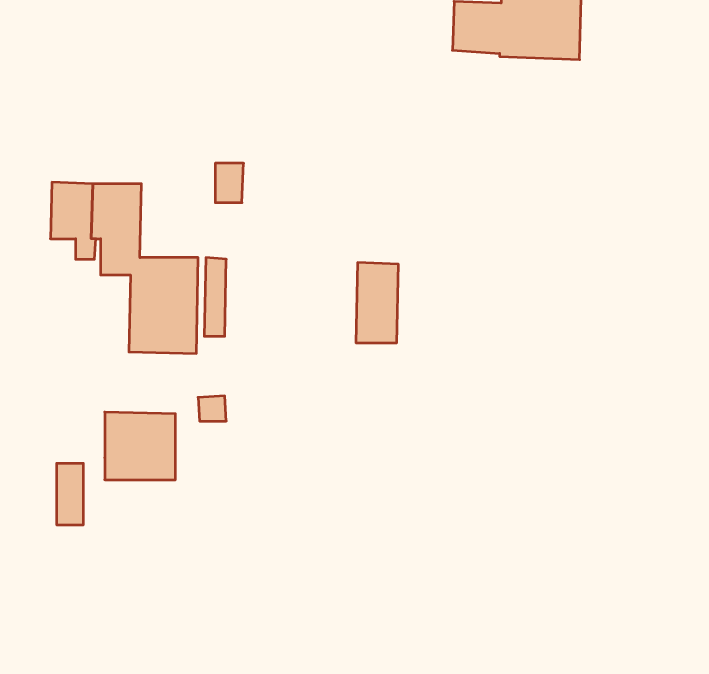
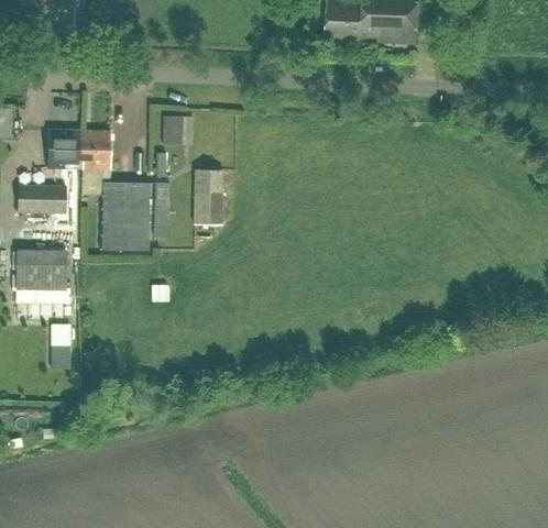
building: none -> [18,184,67,213]
building: [356,263,398,343] -> [194,168,223,224]
building: [105,412,175,480] -> [18,256,67,304]

